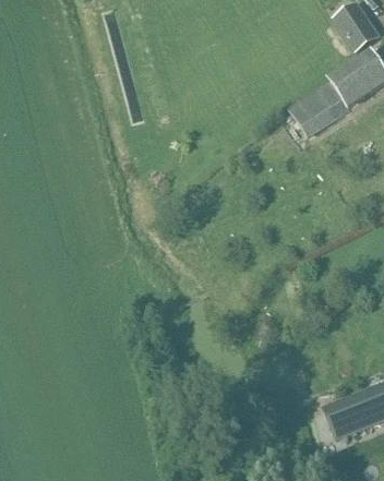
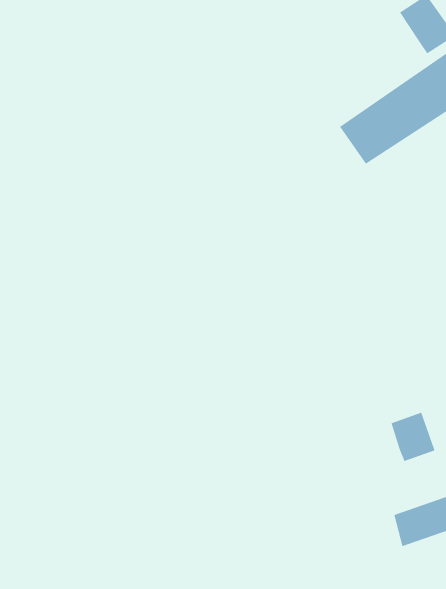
building: none -> [391,412,435,462]

